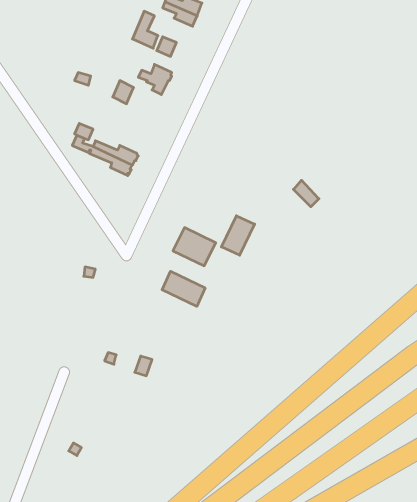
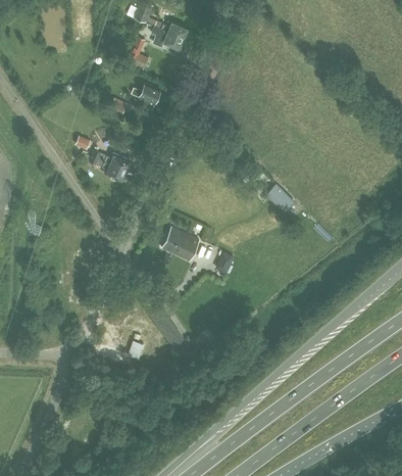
building: [221,216,255,255] -> none
building: [162,271,205,306] -> none

